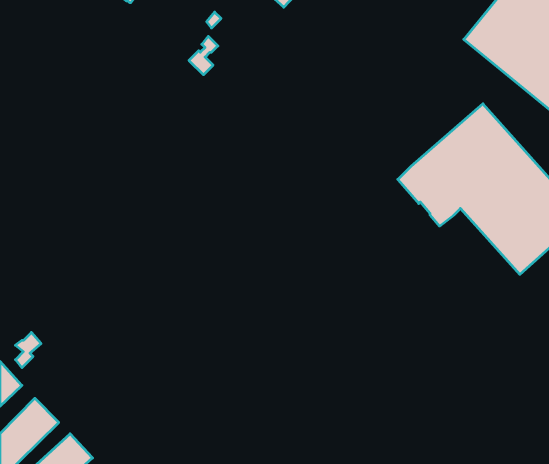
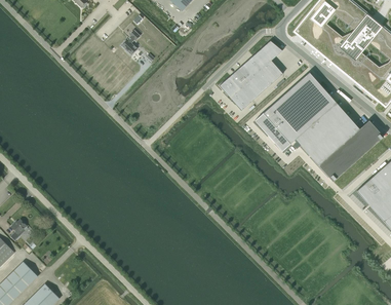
building: none -> [219,41,282,111]

